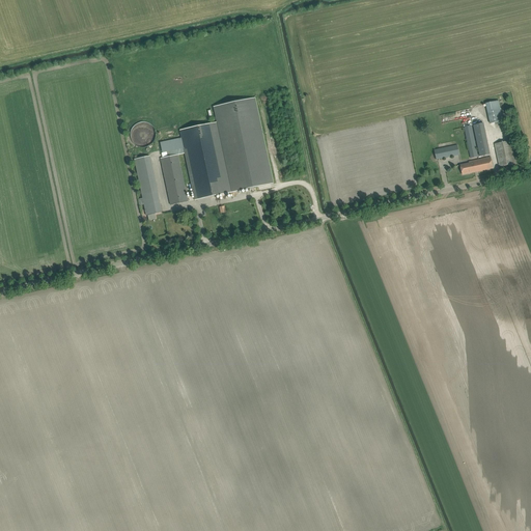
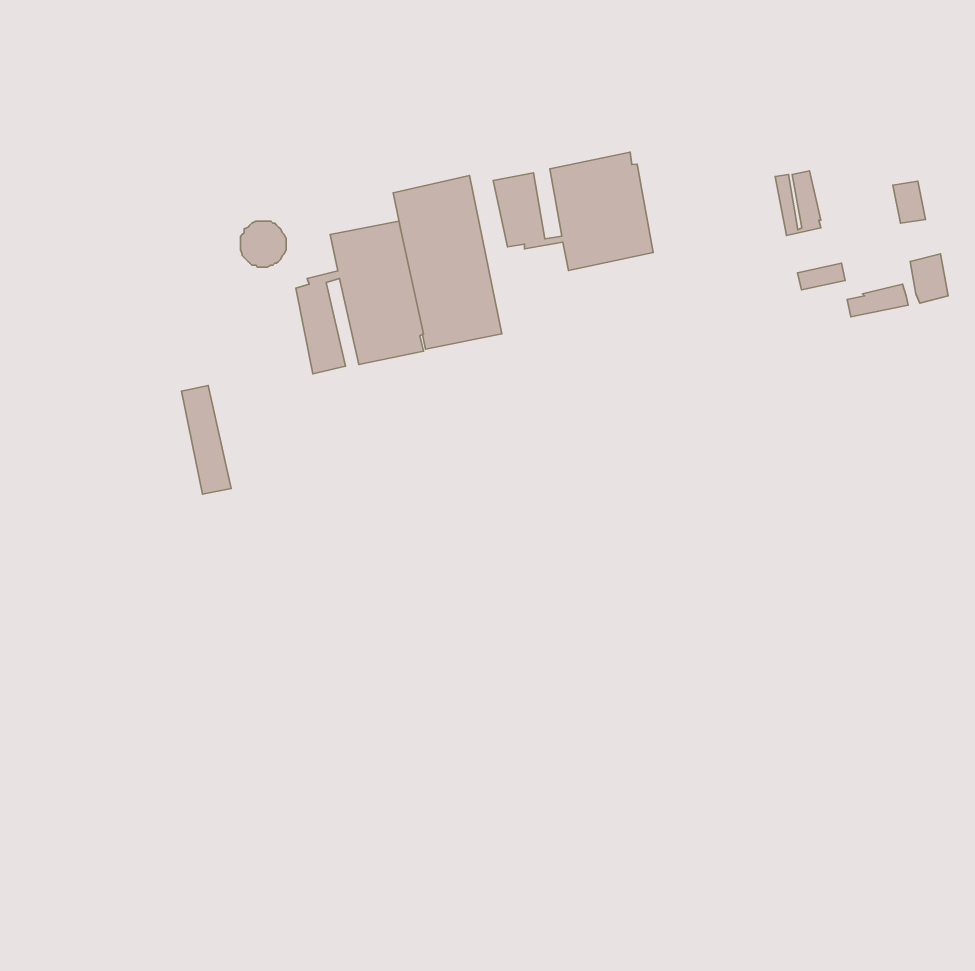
building: none -> [493,152,653,270]
building: [465,121,490,157] -> [775,171,821,236]
building: [135,155,162,214] -> [182,386,231,494]

